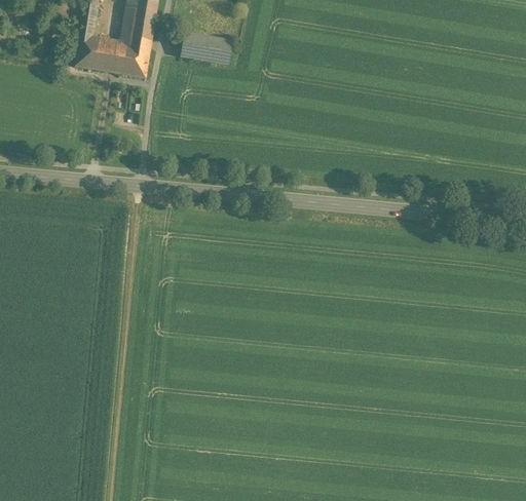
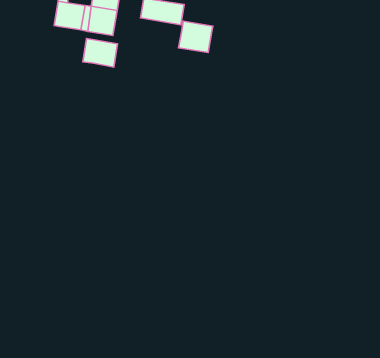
building: none -> [179,21,213,52]
building: none -> [83,38,118,67]

